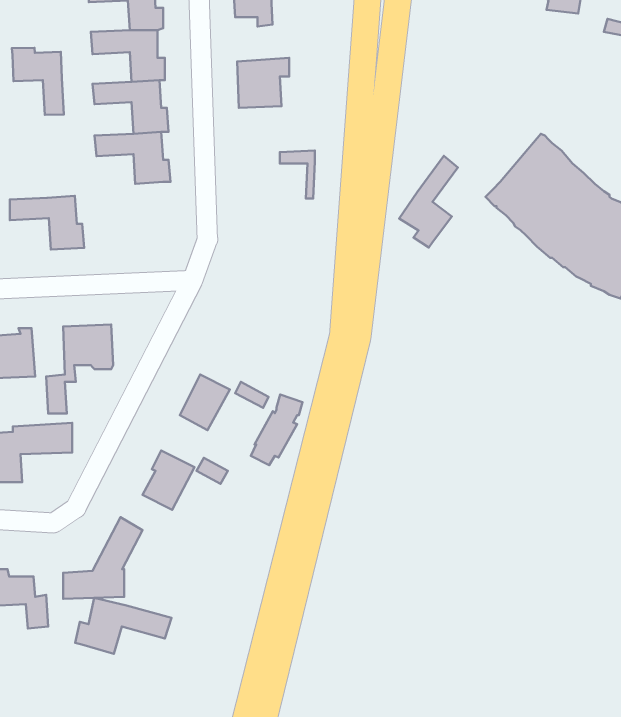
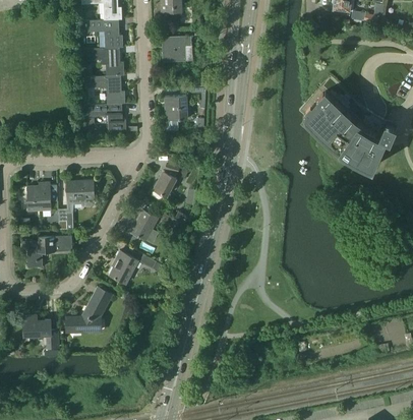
building: [12,48,64,115] -> none
building: [399,156,458,247] -> none
building: none -> [165,97,188,128]
building: [10,196,84,250] -> [86,104,127,133]
building: [251,395,303,465] -> [152,163,180,201]
building: [75,598,171,654] -> none

